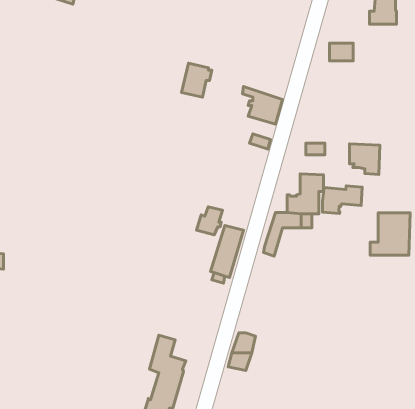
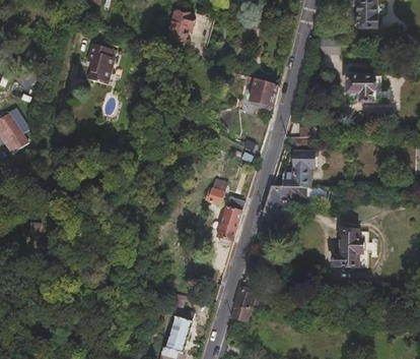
building: none -> [90,46,117,86]
building: [181,63,212,97] -> [170,12,197,42]
building: [349,144,380,175] -> [347,71,373,98]
building: [322,186,362,214] -> none
building: [370,213,410,255] -> [334,230,368,266]

